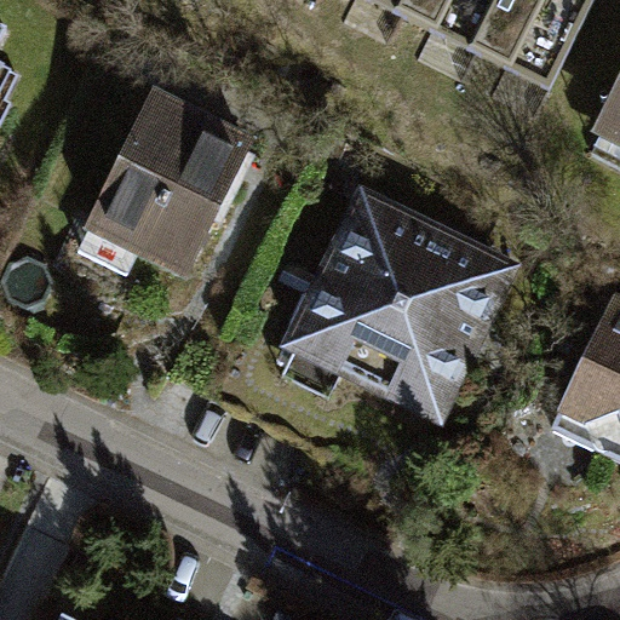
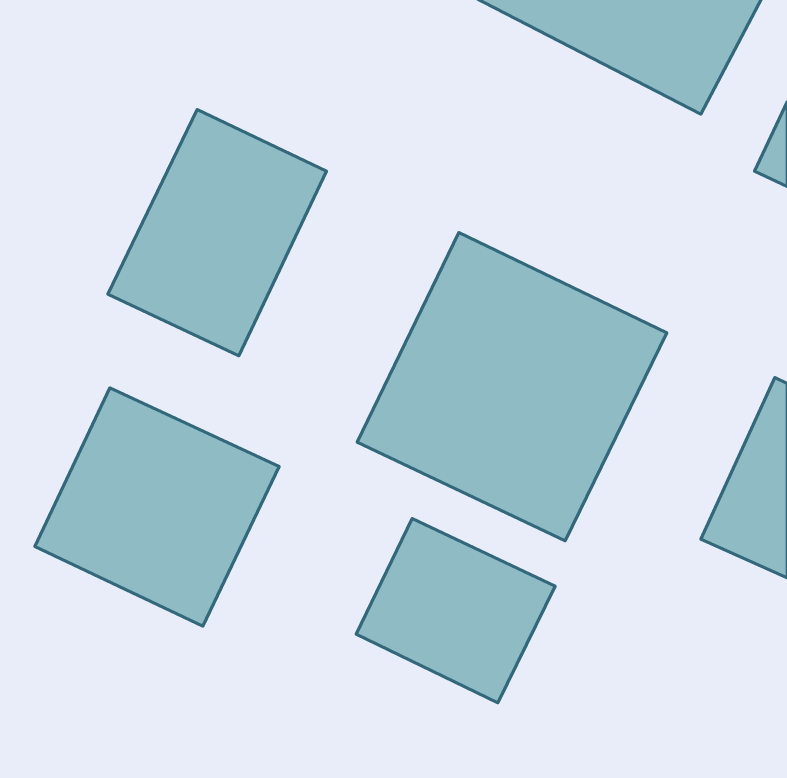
building: none -> [35,388,279,626]
building: none -> [356,518,555,703]

